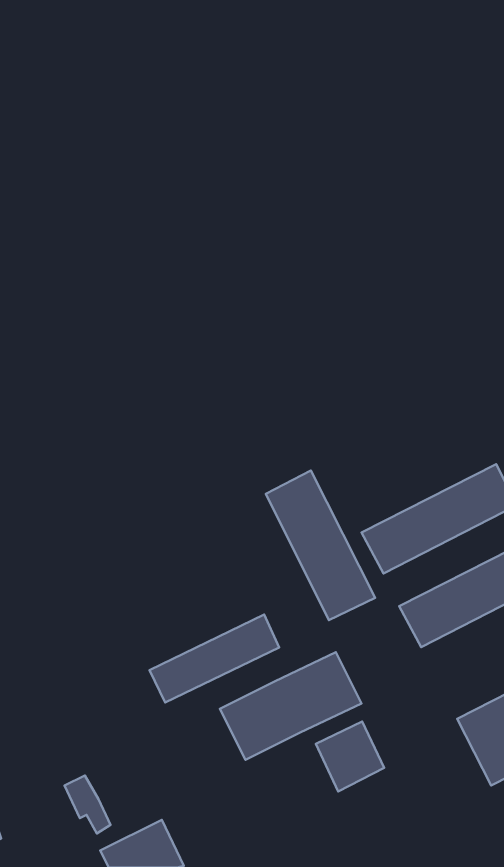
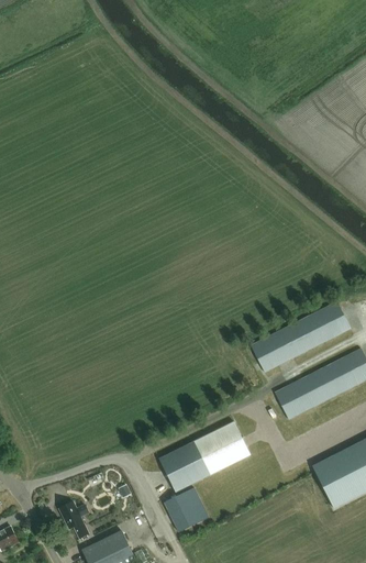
building: [266,471,375,620] -> none
building: [149,614,279,702] -> none
building: [316,722,384,792] -> [164,487,208,532]

